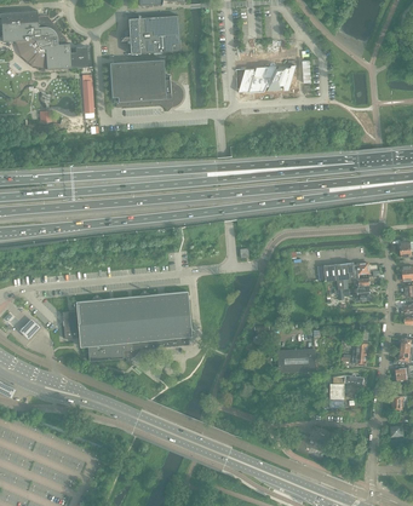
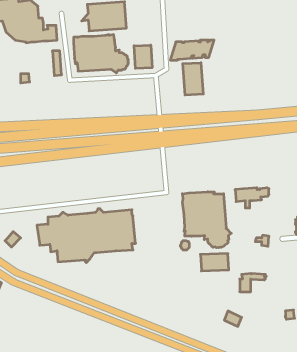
building: none -> [134,45,152,68]
building: none -> [183,63,203,95]
building: none -> [182,192,231,248]

